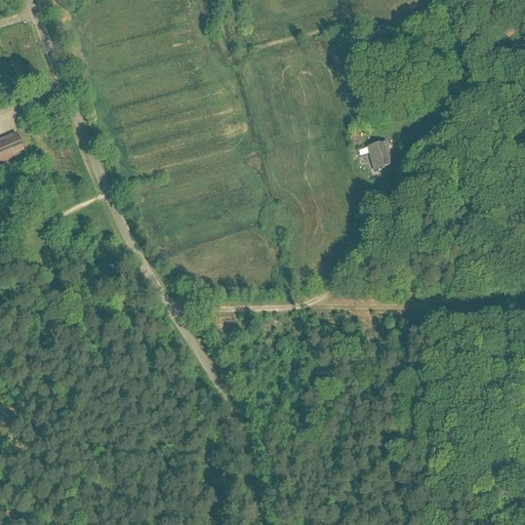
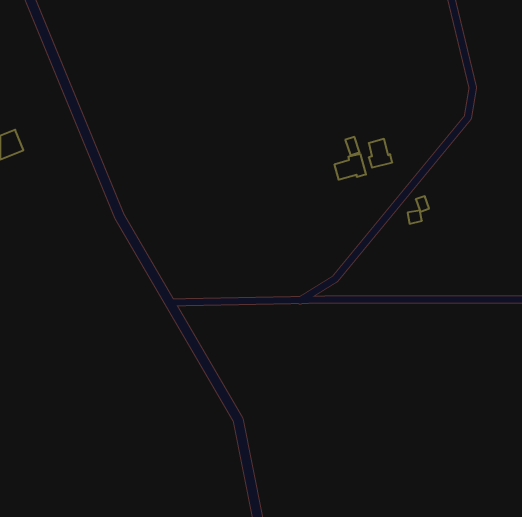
building: none -> [335,154,366,180]

